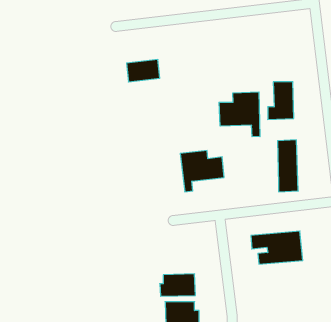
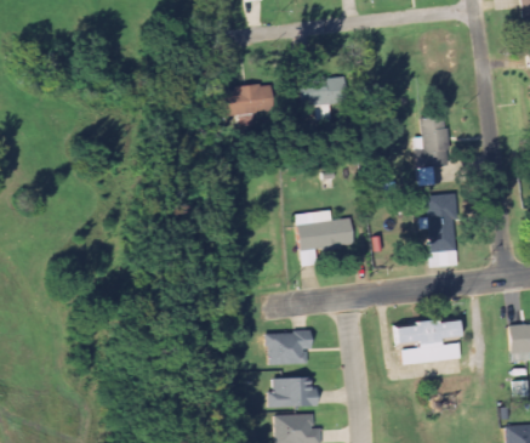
building: none -> [295,62,343,106]
building: [219,92,260,137] -> none
building: none -> [266,330,308,364]

